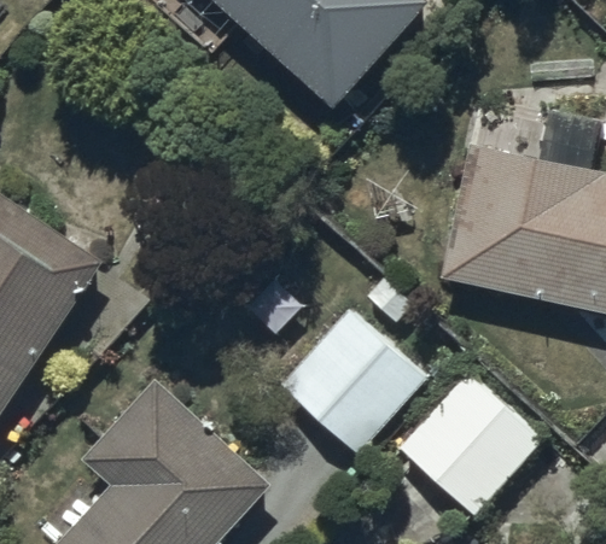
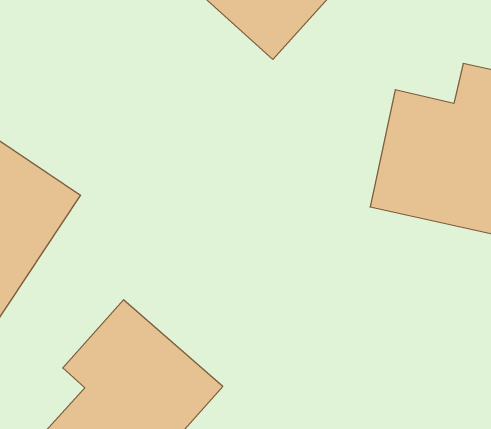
building: [276,303,429,455] -> none
building: [401,373,542,514] -> none

